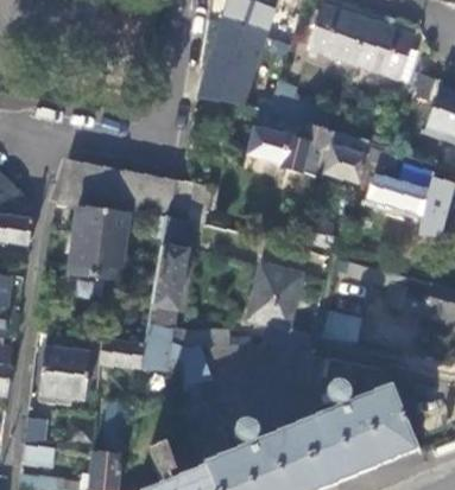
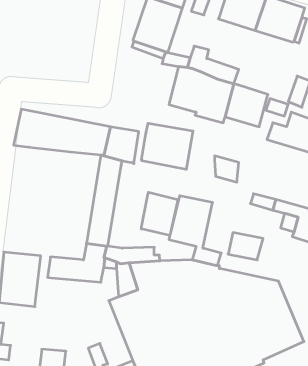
building: none -> [142,123,193,169]
building: [70,208,128,281] -> none
building: none -> [141,192,178,236]

